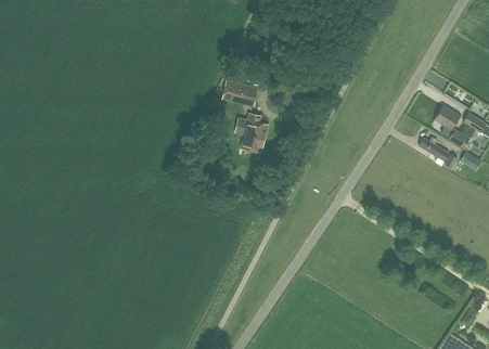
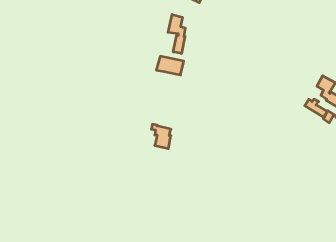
building: none -> [168,14,185,54]
building: [239,117,265,150] -> [151,124,171,149]

